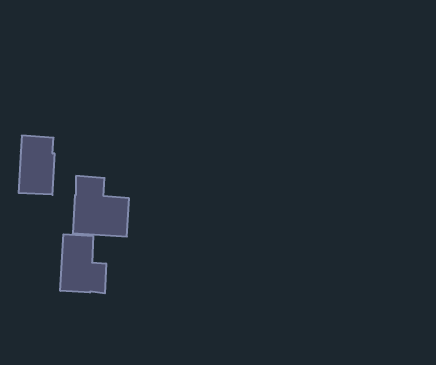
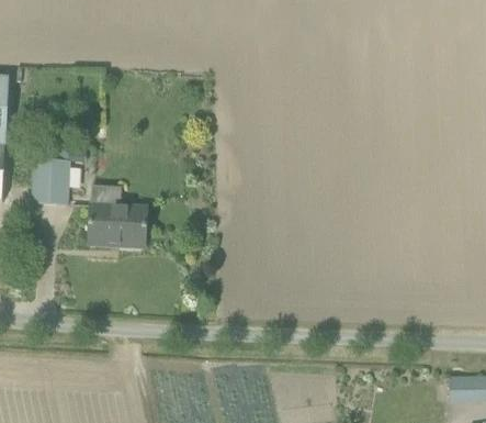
building: [60,234,106,293] -> none

